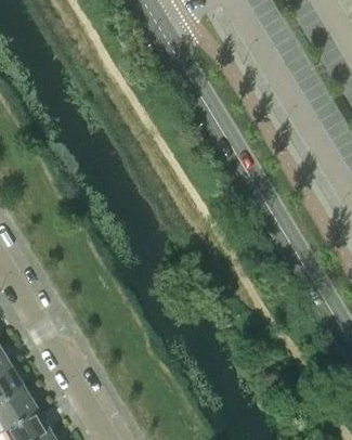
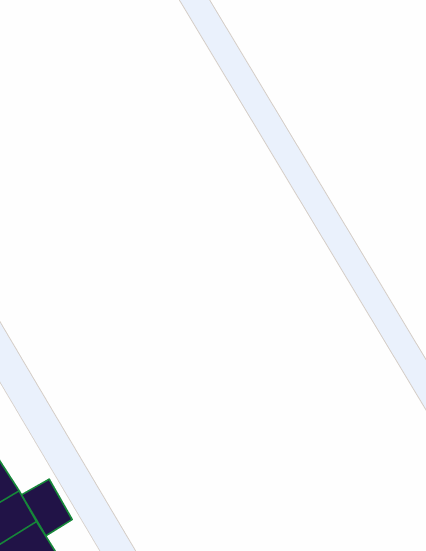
building: none -> [21,479,72,536]

